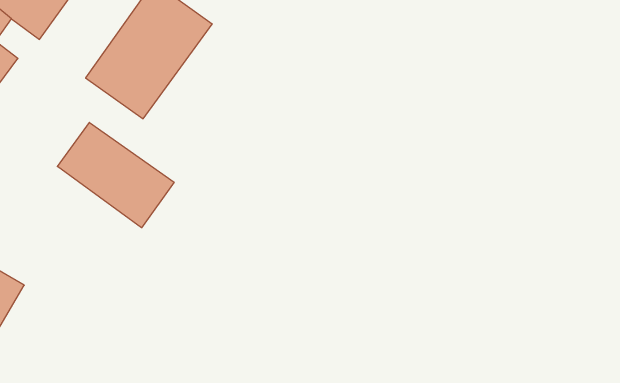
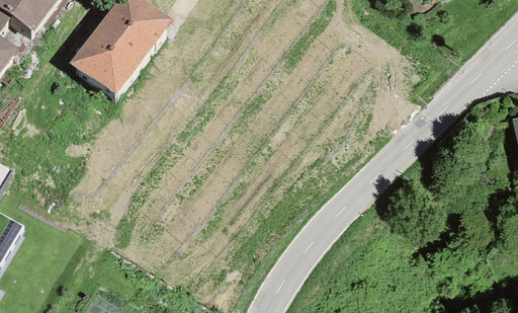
building: [57,122,174,228] -> none

